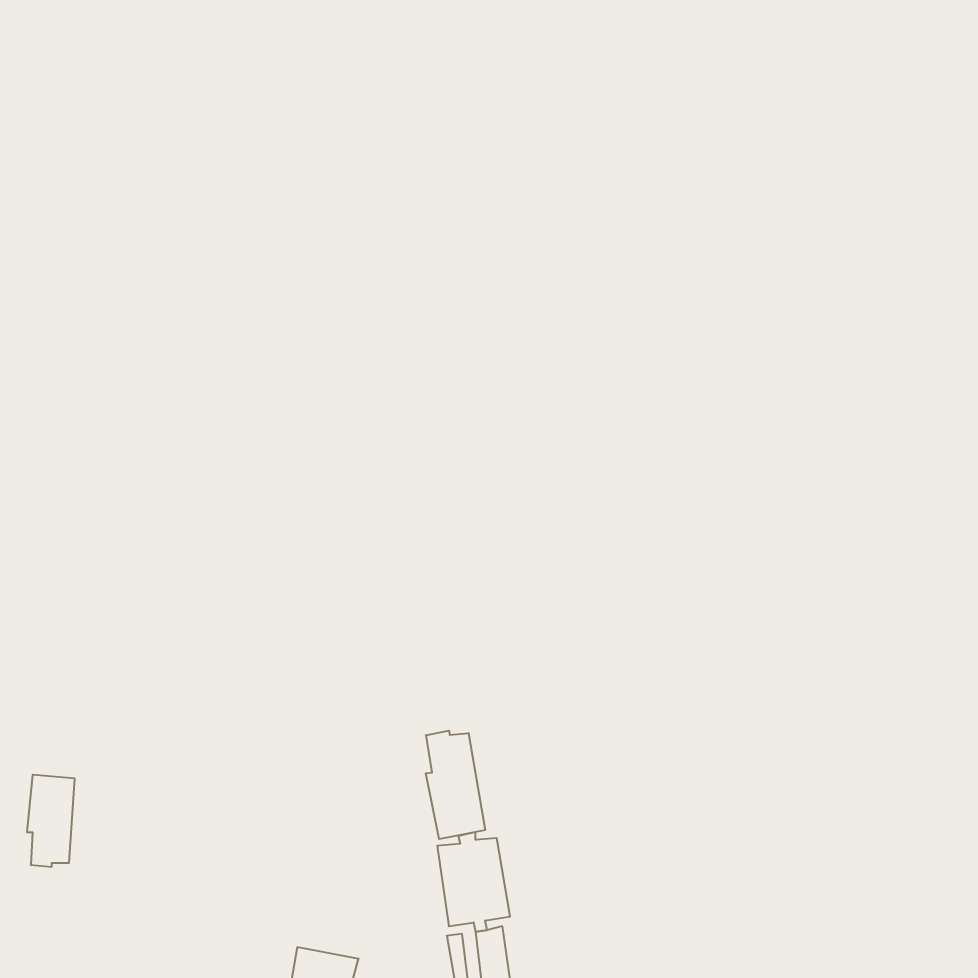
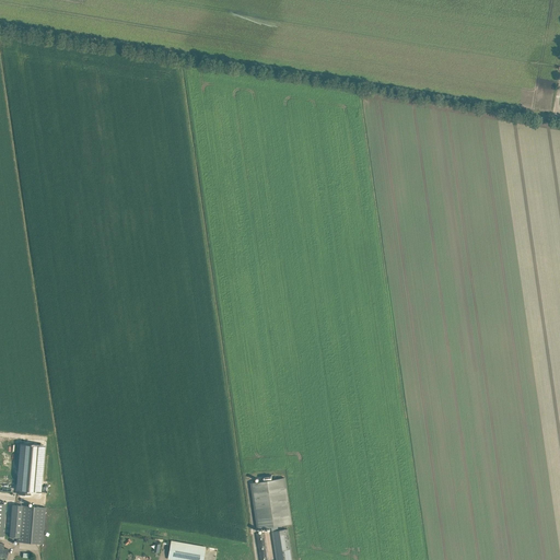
building: [426,731,485,839] -> none
building: none -> [9,505,45,545]

